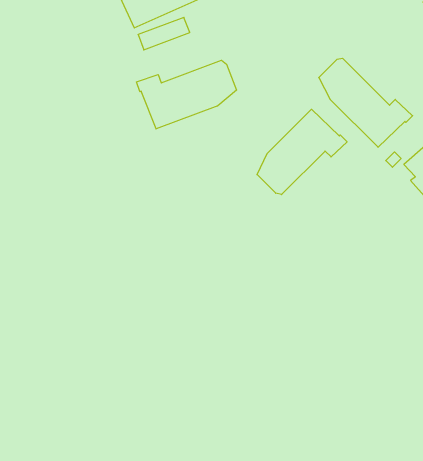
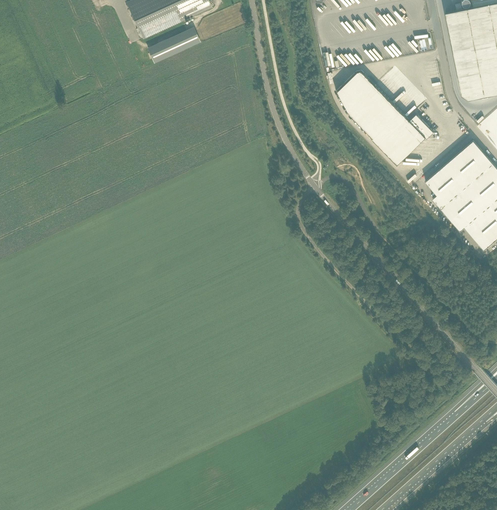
building: [136,60,236,129] -> none
building: [257,109,347,195] -> none

